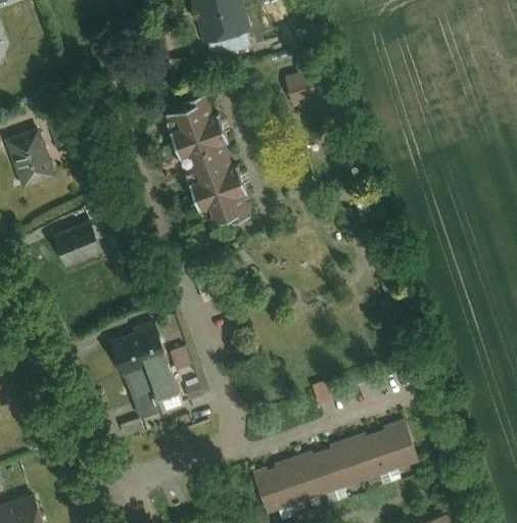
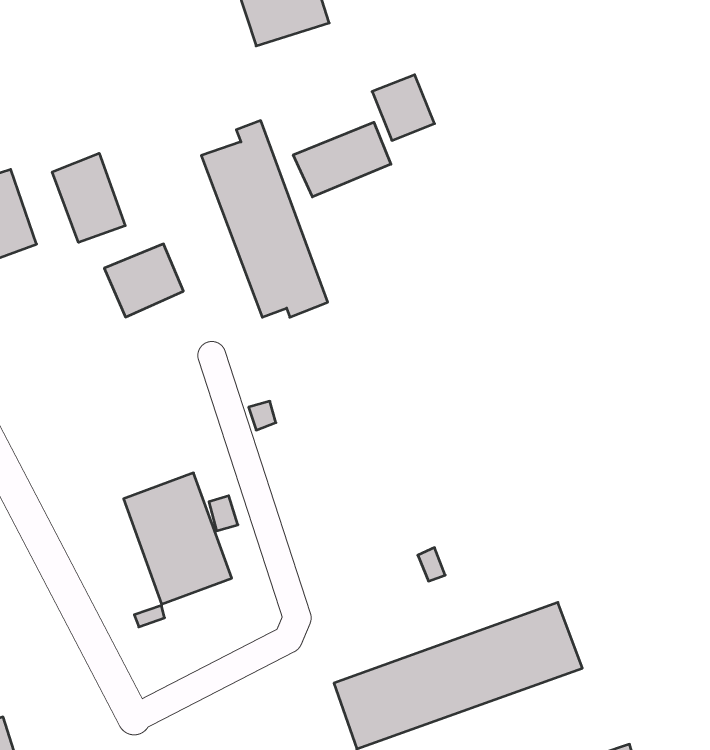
building: none -> [293,122,391,197]
building: none -> [52,153,125,242]
building: [50,220,103,269] -> [104,244,183,317]

